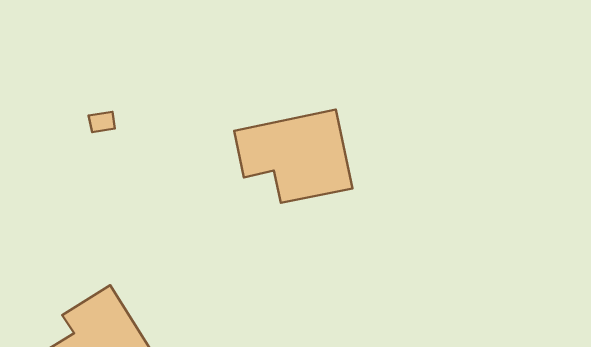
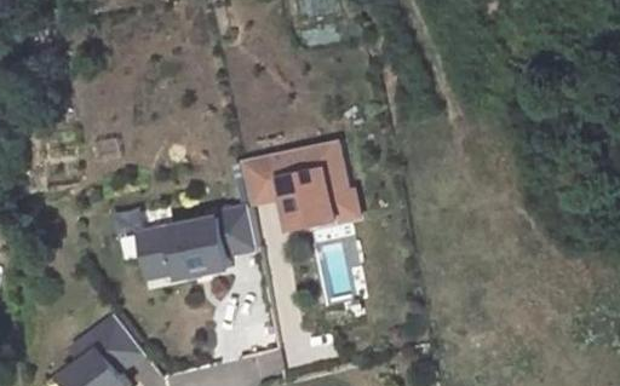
building: none -> [114,206,258,284]

